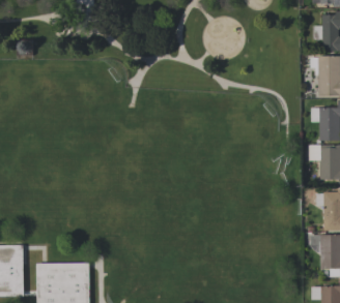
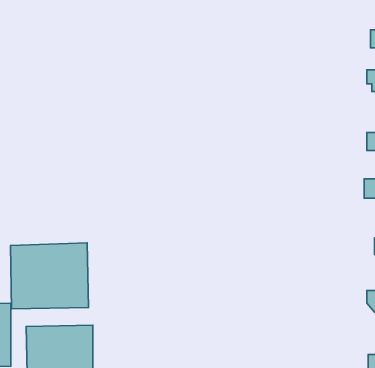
building: none -> [10,243,89,309]

